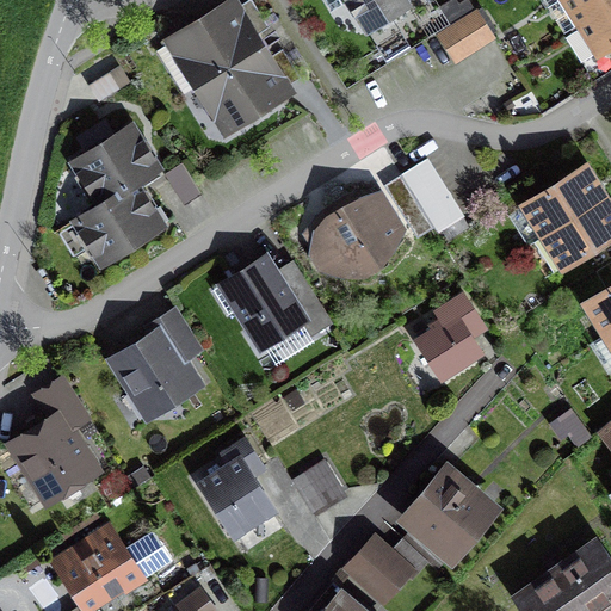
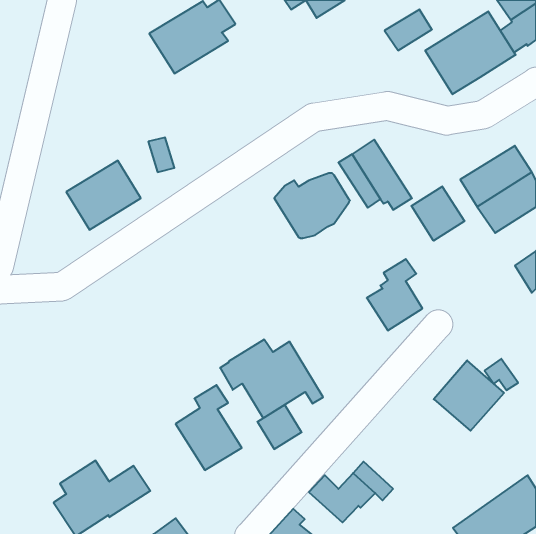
building: none -> [425,11,516,94]
building: [198,49,300,132] -> none
building: [73,128,156,205] -> none
building: none -> [411,186,464,241]
building: [212,259,329,348] -> [220,340,323,418]
building: [115,310,199,415] -> none
building: [12,377,93,500] -> none
building: [408,474,488,554] -> [434,360,504,431]

